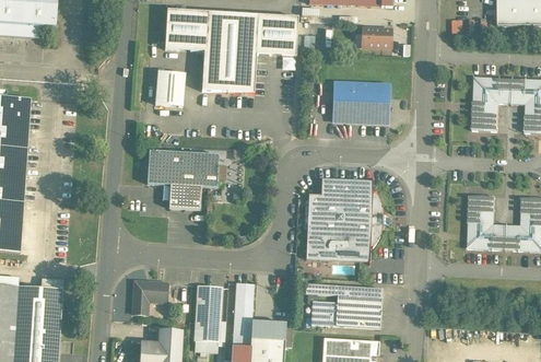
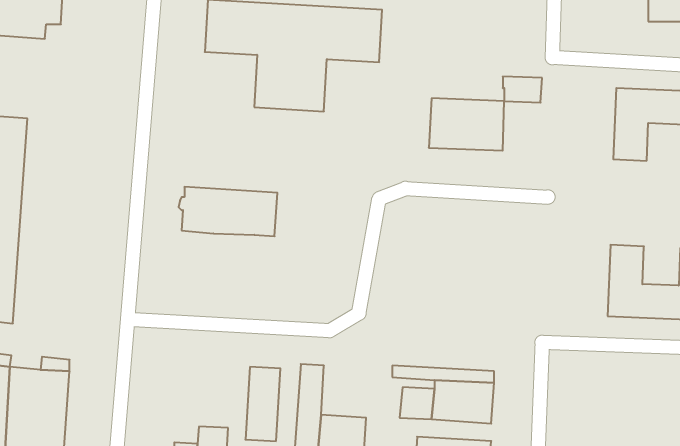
building: [362,27,391,47] -> [503,77,542,103]
building: [155,70,185,104] -> none
building: [306,177,389,260] -> none
building: [169,184,201,208] -> none
building: [132,280,166,313] -> none

